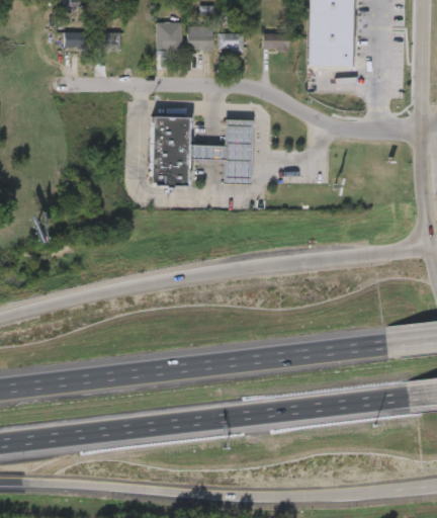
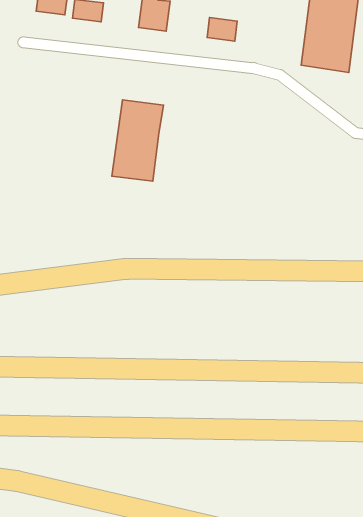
building: [185,29,210,51] -> none
building: [260,35,285,52] -> none
building: [185,118,250,184] -> none

